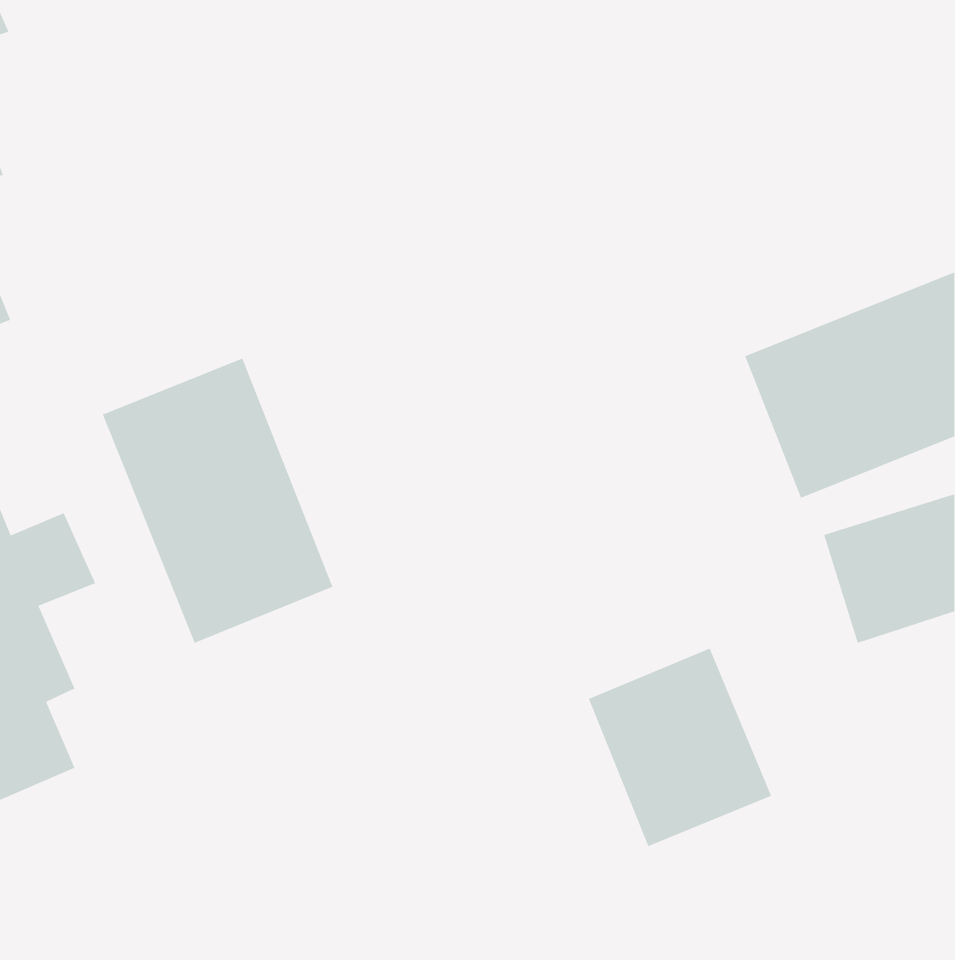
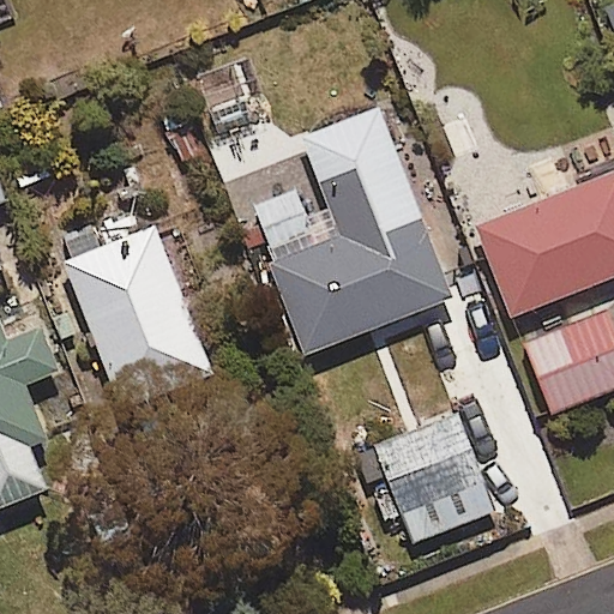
building: none -> [249,109,453,355]

